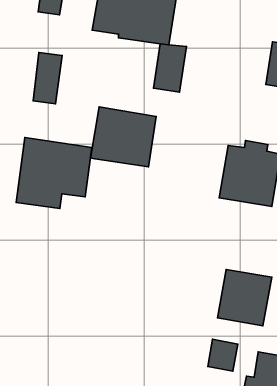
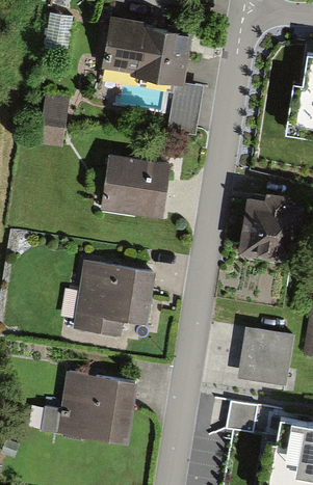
building: [16,138,92,208] -> [74,261,155,336]
building: none -> [40,372,137,444]

